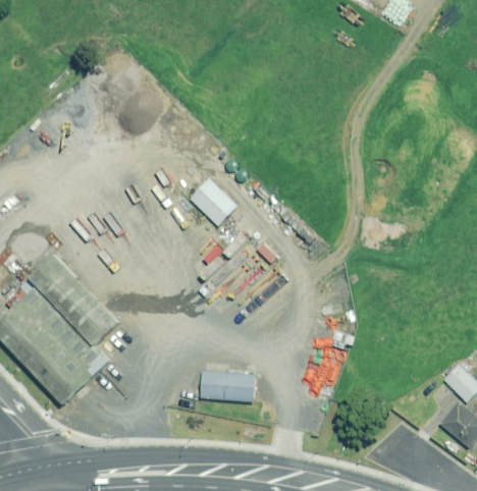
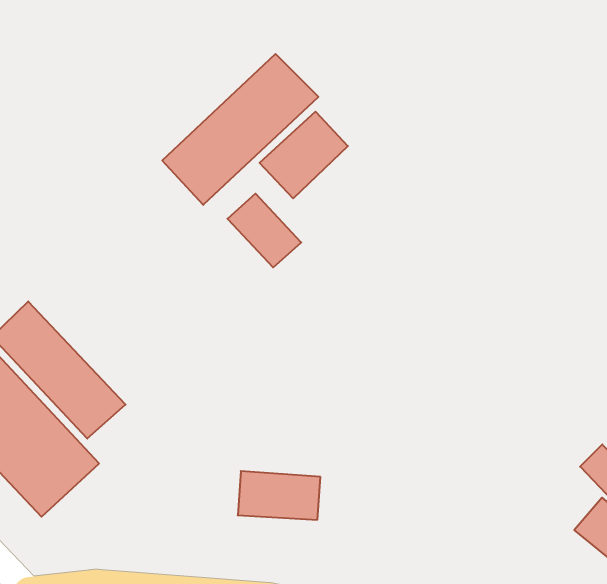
building: none -> [162,54,318,205]
building: none -> [260,112,348,198]

